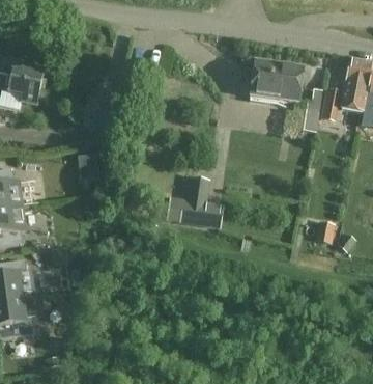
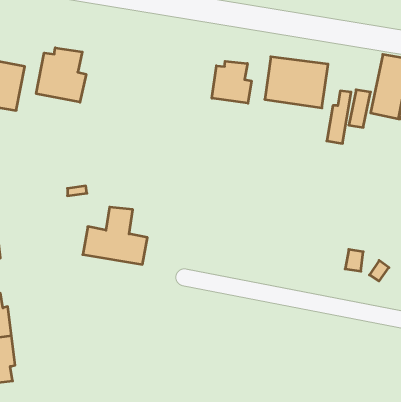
building: none -> [36,48,86,102]
building: none -> [212,61,251,103]
building: [170,180,225,228] -> [83,207,147,264]

